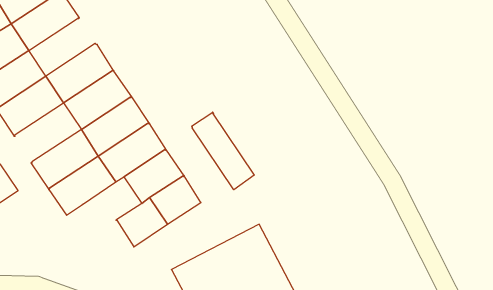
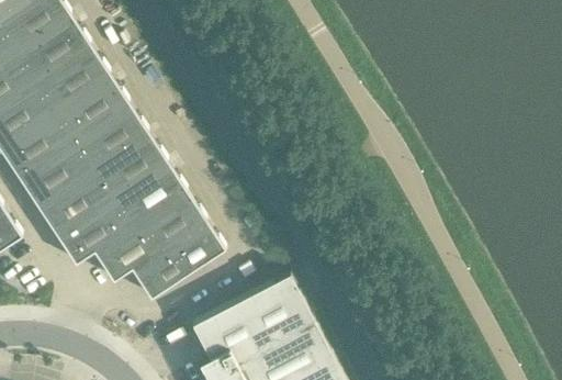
building: none -> [34,45,110,110]
building: none -> [18,139,92,206]
building: [192,112,254,190] -> none
building: none -> [93,222,159,282]

